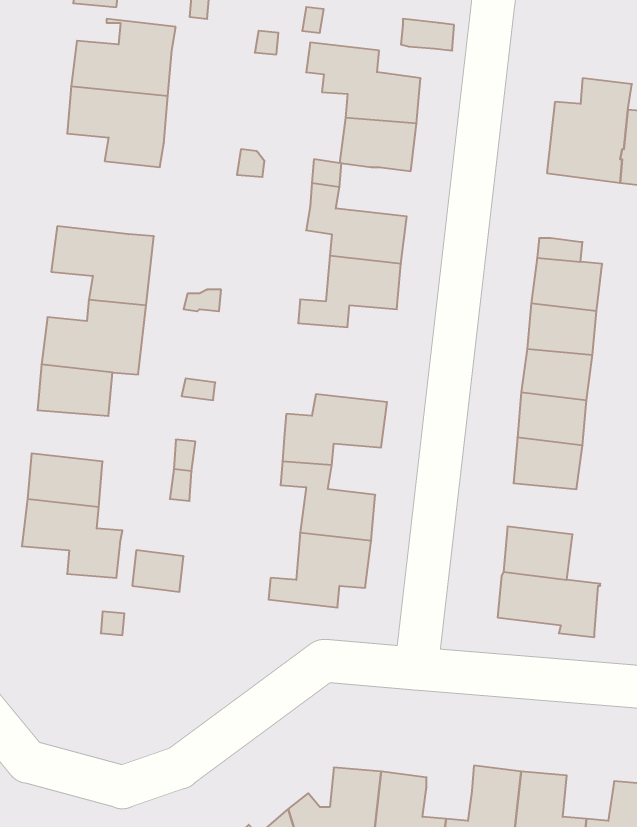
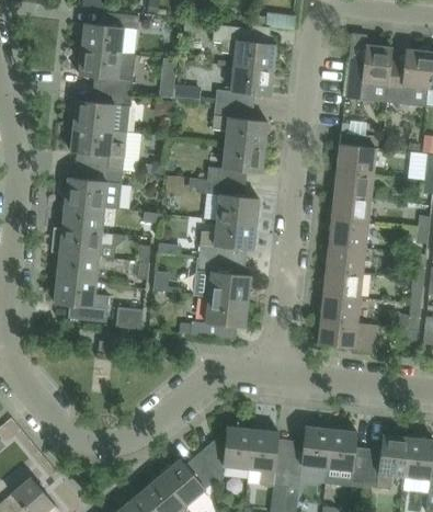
building: none -> [73,91,130,133]
building: none -> [196,180,259,225]
building: none -> [53,228,113,258]
building: none -> [323,270,362,298]

